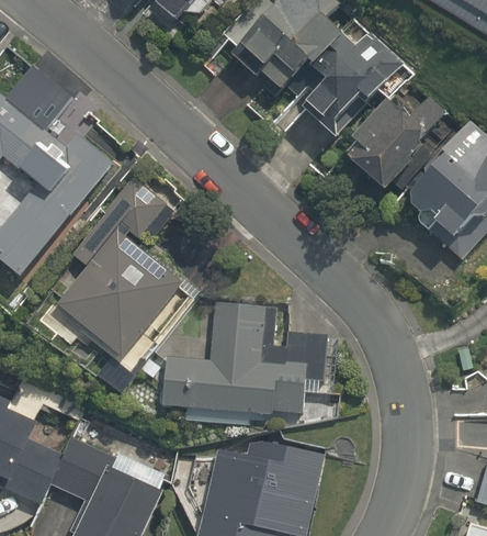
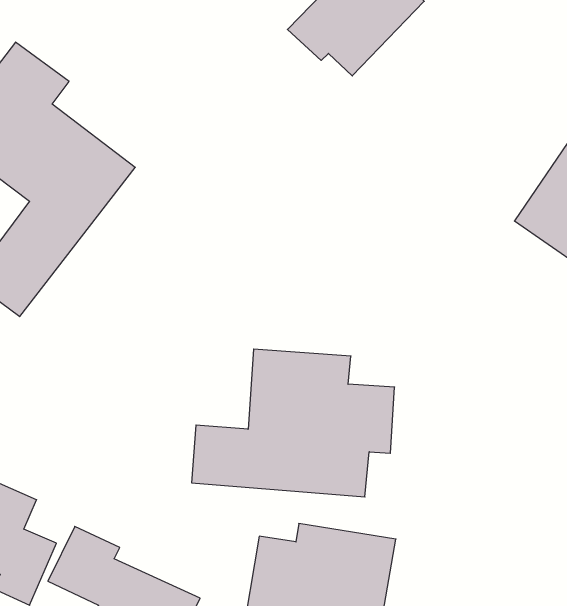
building: [312,38,396,123] -> none
building: [350,102,435,190] -> none
building: [53,186,190,360] -> none

